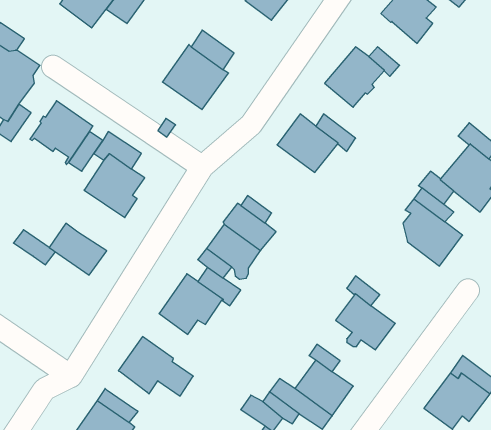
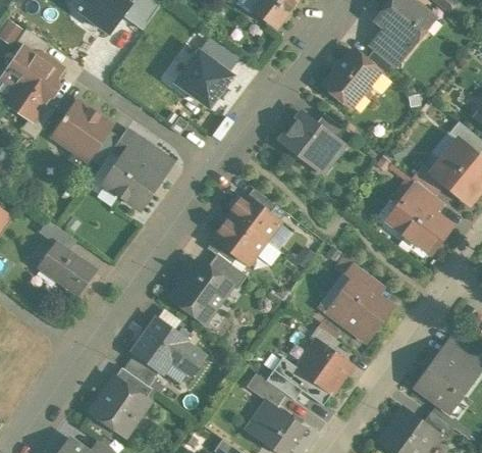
building: none -> [369,28,410,68]
building: [49,223,107,275] -> [40,245,93,293]
building: none -> [123,352,160,387]

